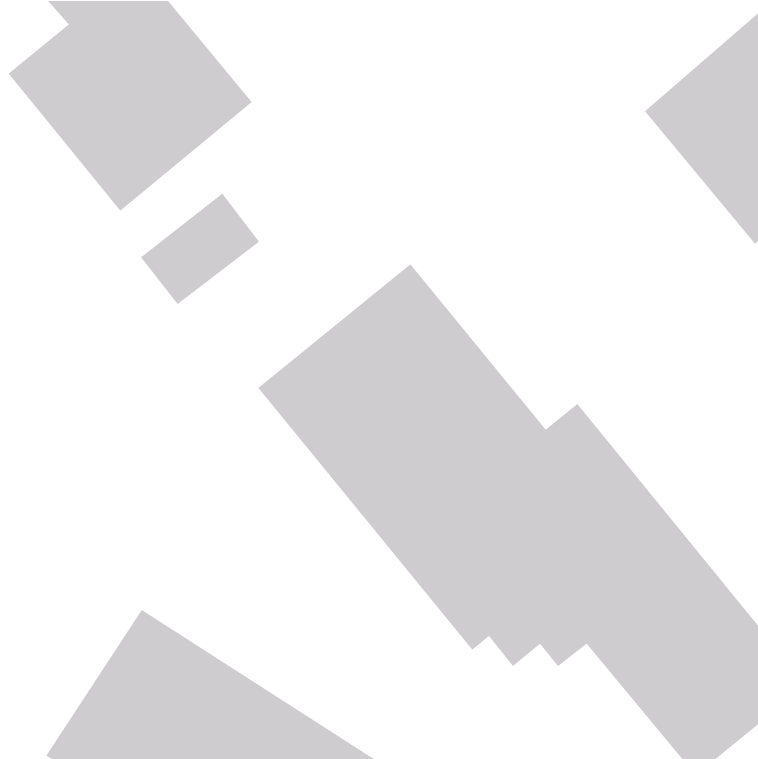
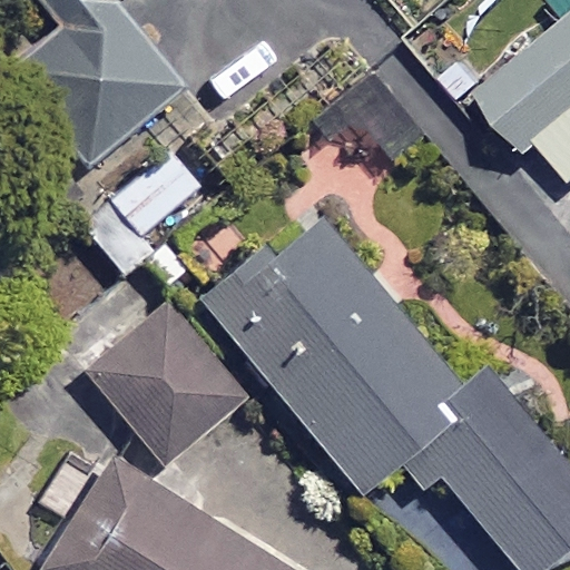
building: none -> [87,312,235,462]

